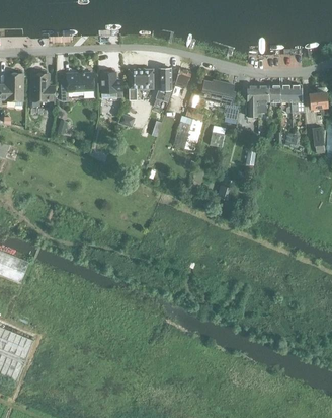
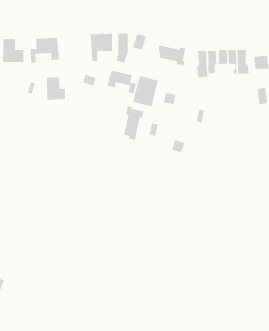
building: [100,71,122,97] -> [46,77,66,100]
building: none -> [107,70,136,94]
building: none -> [123,105,144,141]

